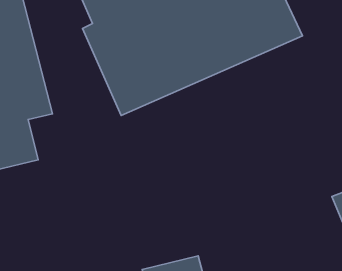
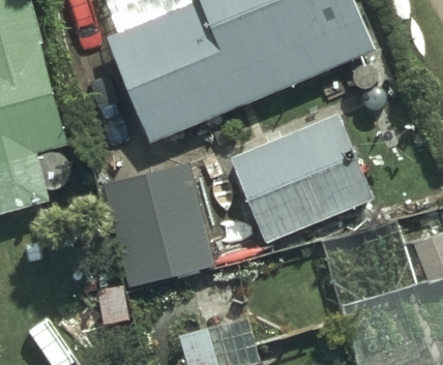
building: none -> [229,116,371,241]
building: none -> [104,156,223,288]

